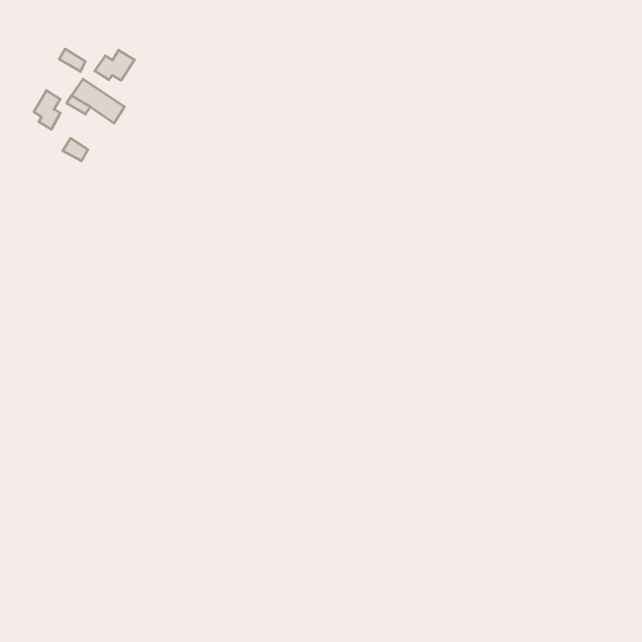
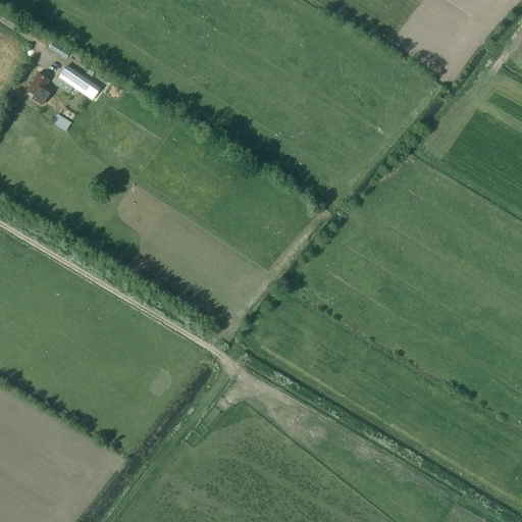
building: [95,50,134,80] -> none

